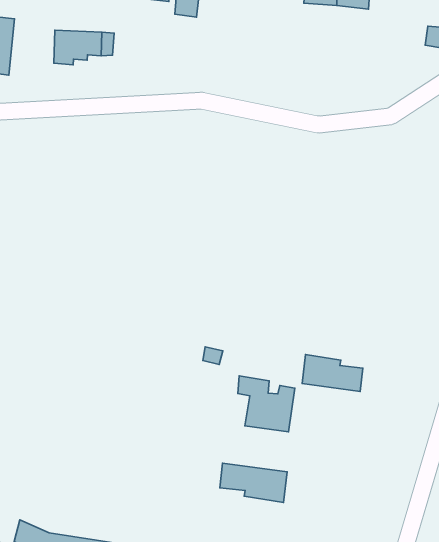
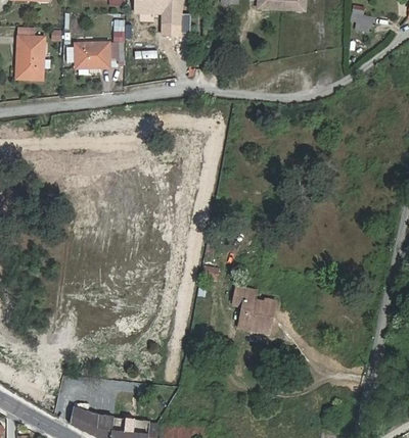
building: [302,354,363,392] -> none
building: [220,463,287,502] -> none

